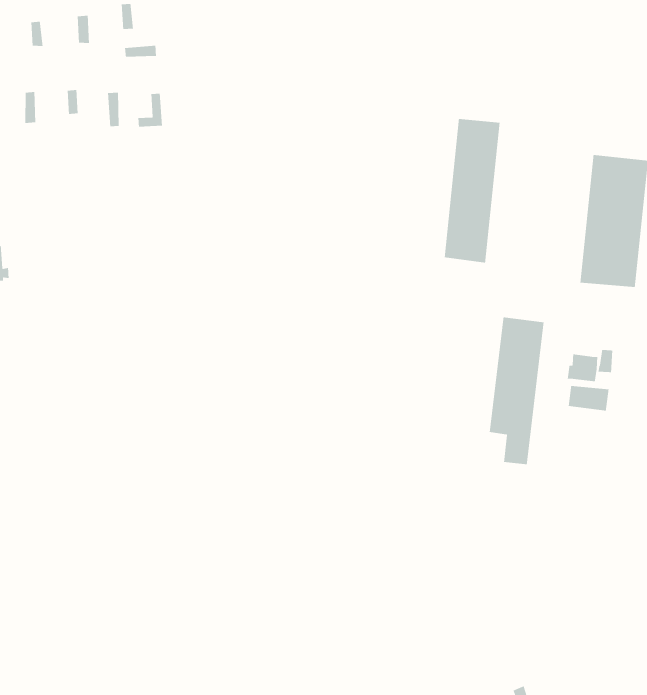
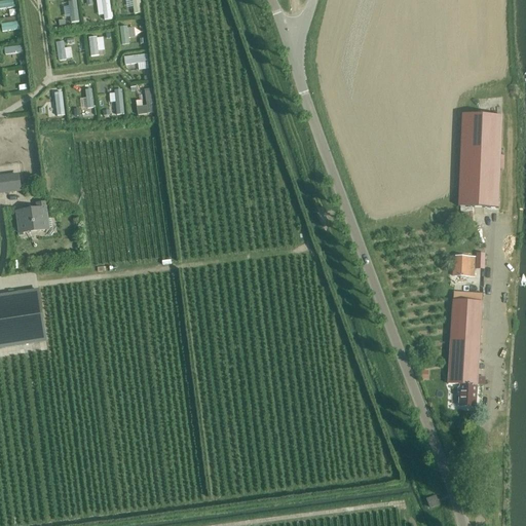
building: [444,118,500,263] -> none
building: [489,317,544,465] -> [447,299,482,404]

